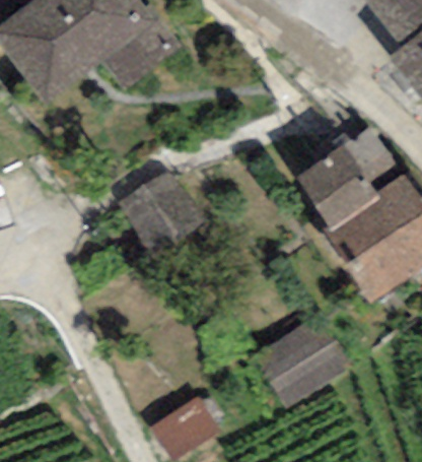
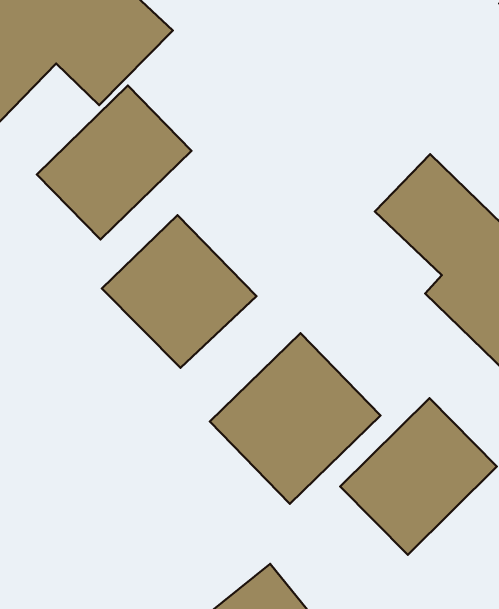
building: none -> [37,86,192,240]
building: none -> [210,333,381,504]

